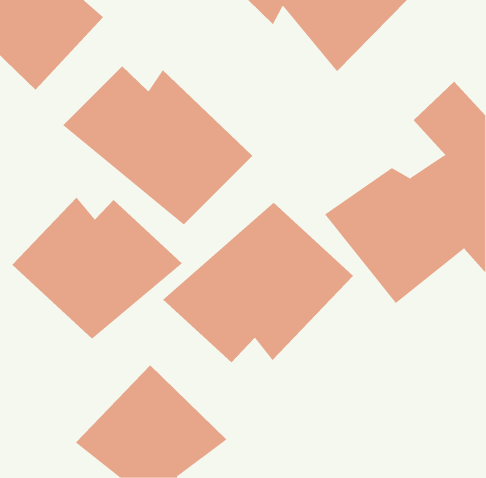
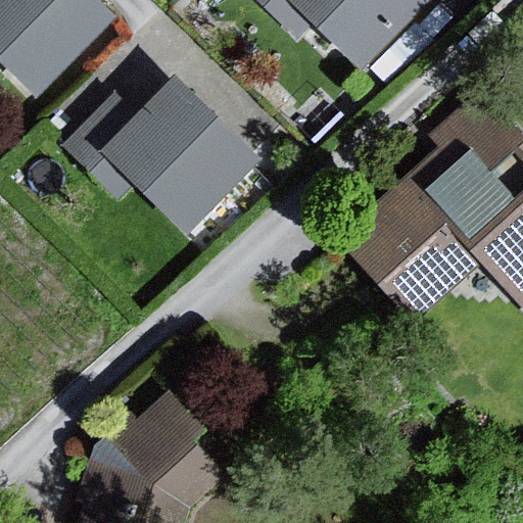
building: [12,197,183,340] -> none
building: [162,202,354,363] -> none

